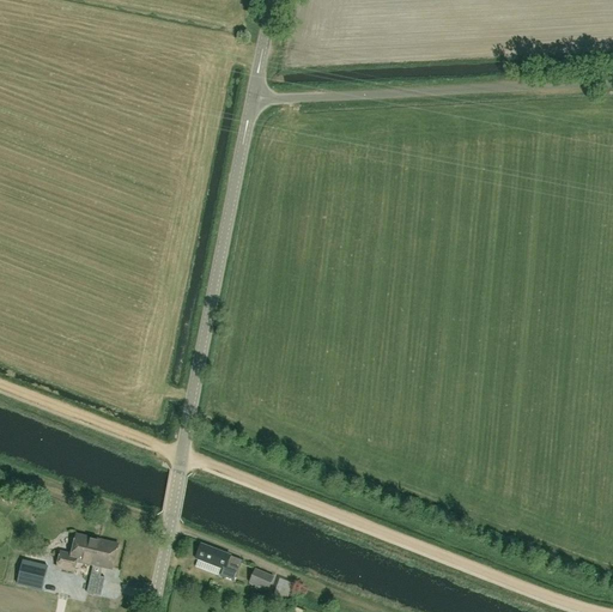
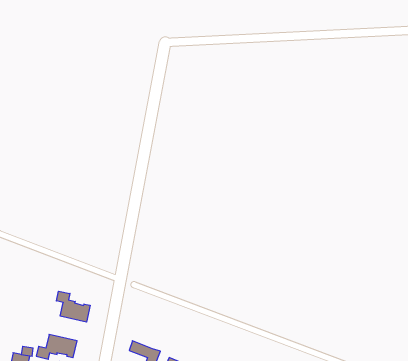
building: none -> [56,291,90,322]

